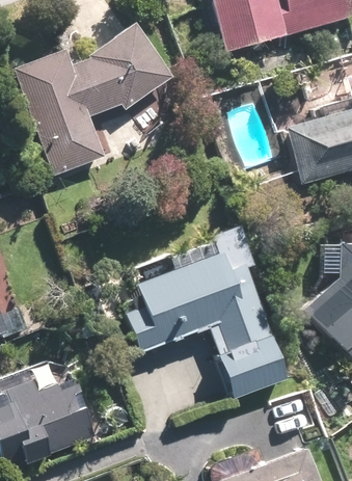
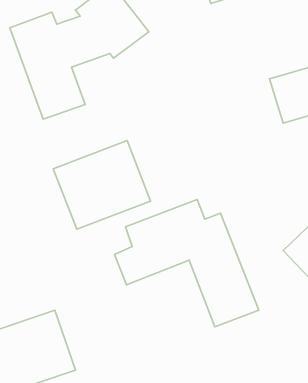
building: none -> [53,140,150,229]

